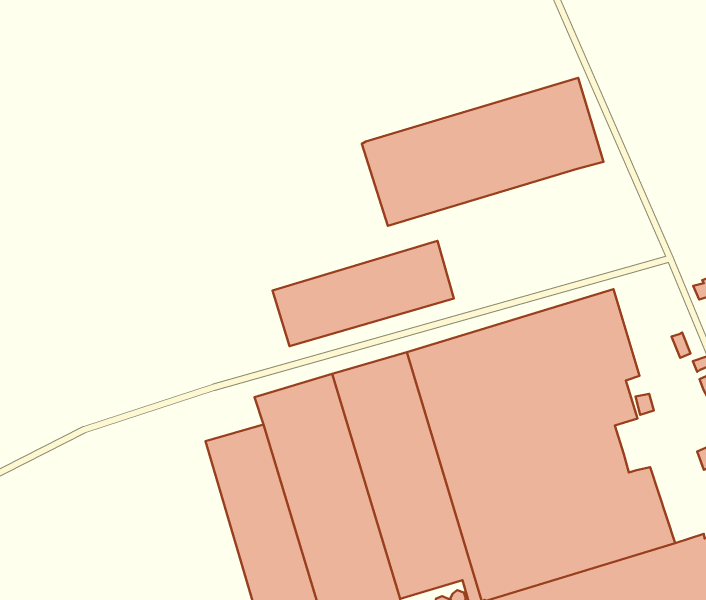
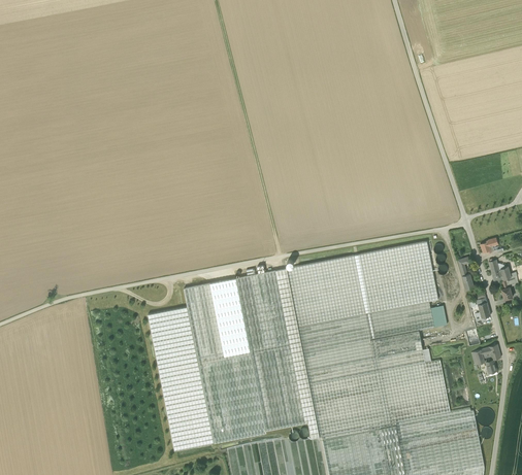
building: [362,78,603,226] -> none
building: [272,241,454,346] -> none

